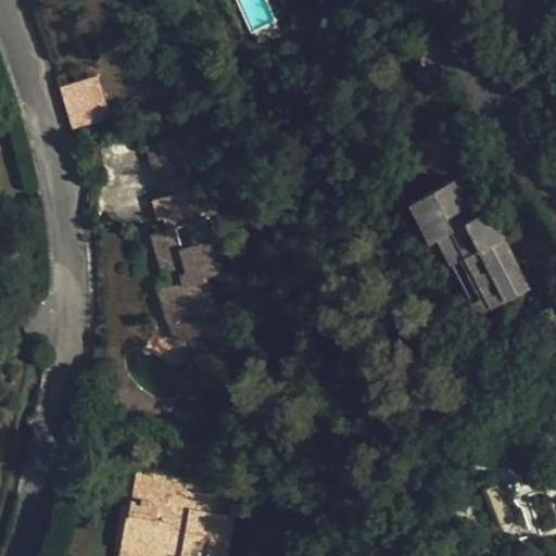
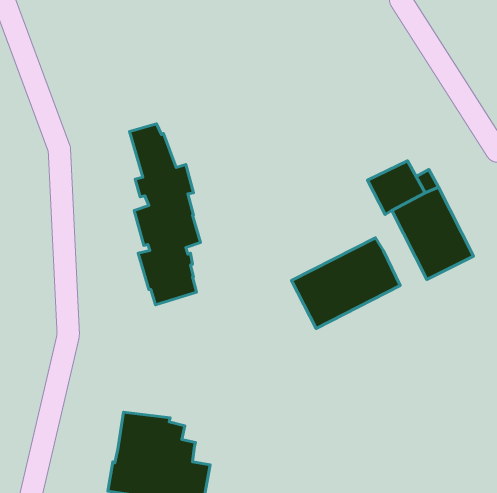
building: [59,80,109,134] -> none
building: none -> [291,238,400,328]

